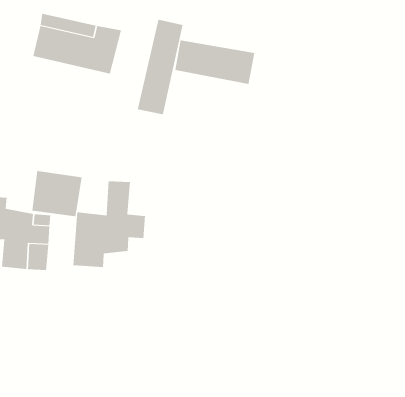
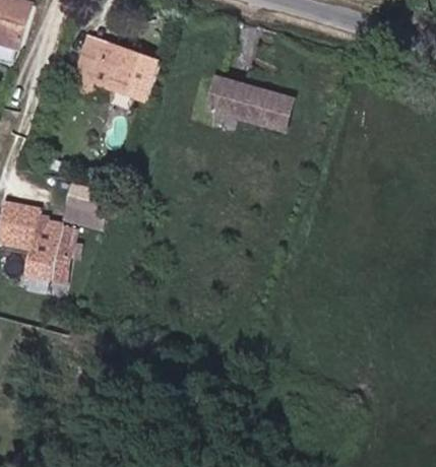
building: [137,19,183,115] -> none
building: [73,181,145,268] -> none

